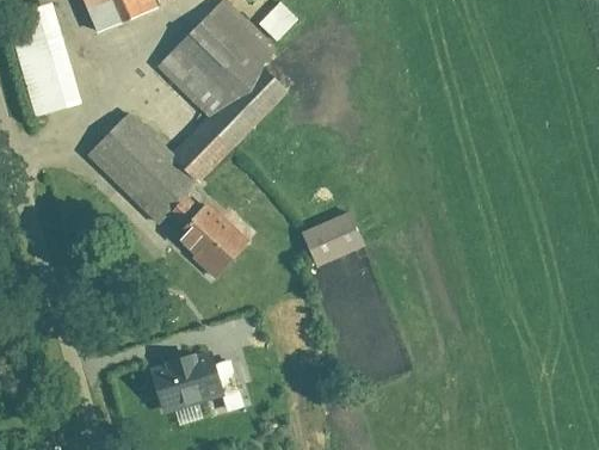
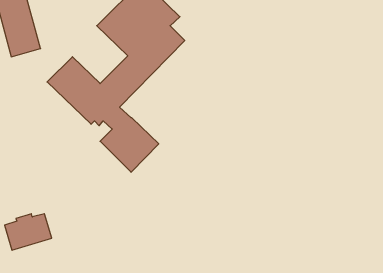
building: [307,216,354,254] -> none
building: [143,352,212,406] -> [5,214,52,250]

